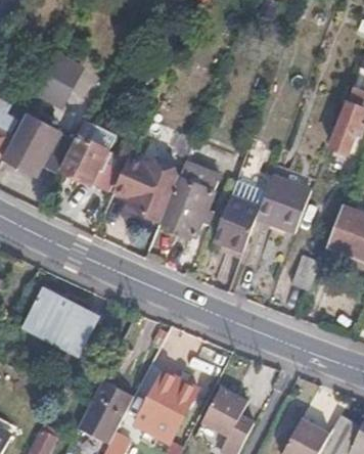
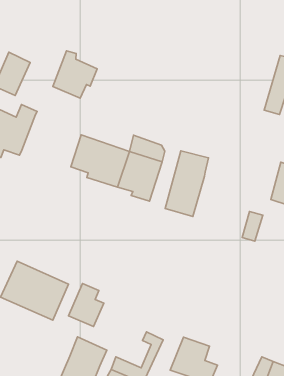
building: [59,131,109,184] -> [53,51,97,98]
building: [257,173,310,230] -> none
building: [143,369,183,417] -> [68,284,104,327]

